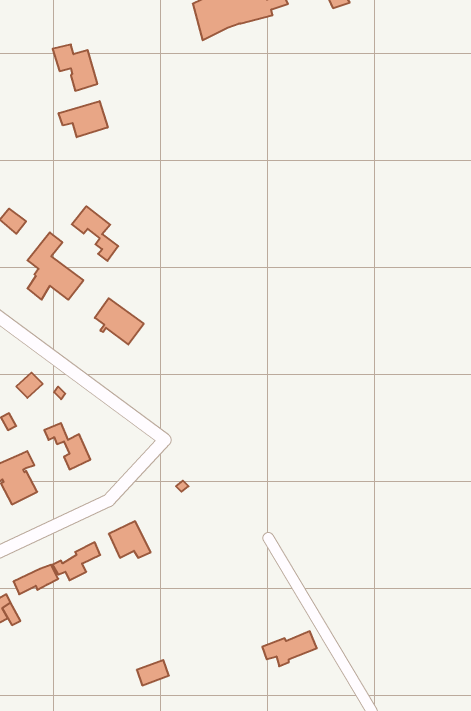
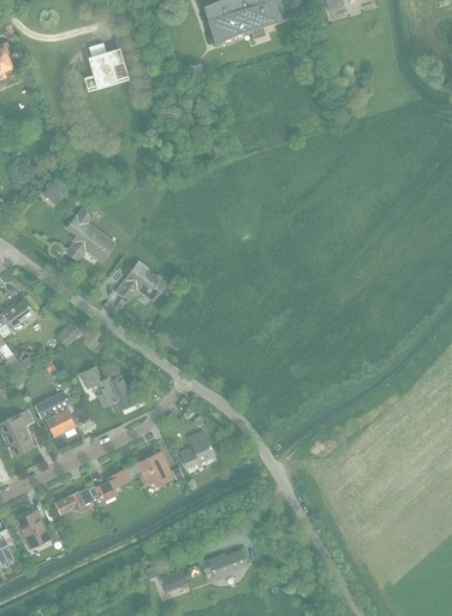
building: [59,101,108,137] -> none
building: [72,206,118,261] -> none
building: none -> [179,431,213,467]
building: [262,631,317,666] -> [201,550,248,580]

